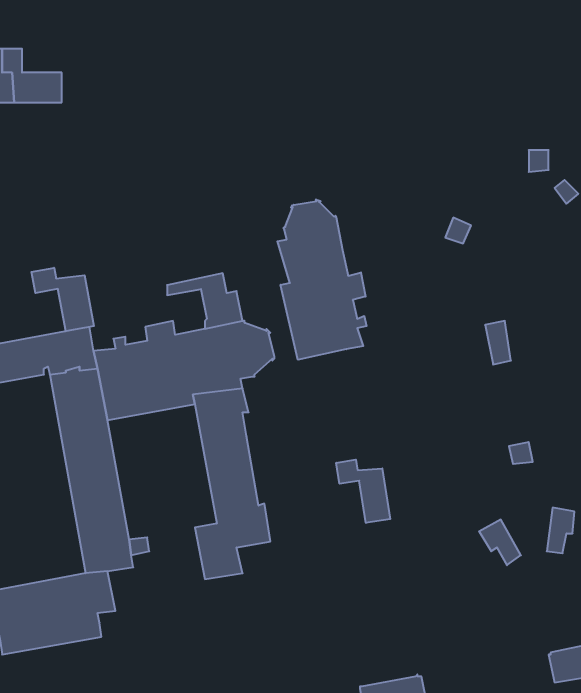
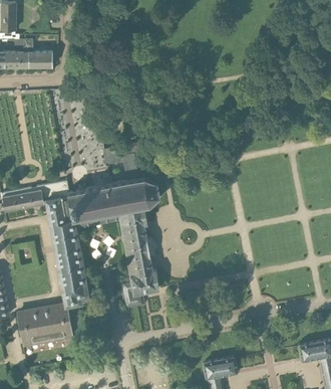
building: [277,199,367,360] -> none
building: [31,268,94,331] -> none
building: [336,460,390,523] -> none

